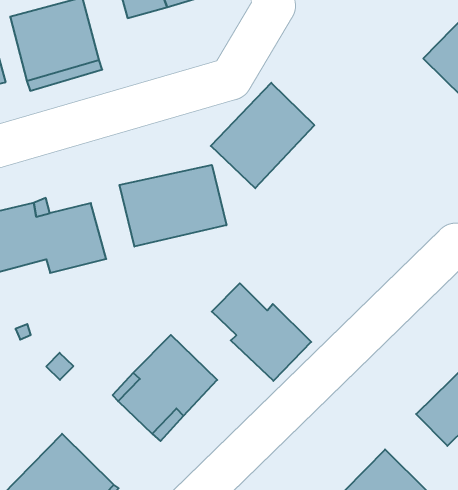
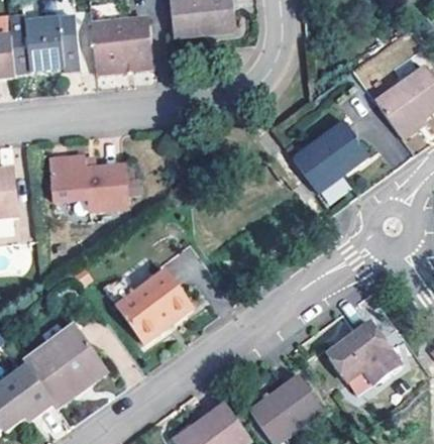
building: [211,83,314,188] -> [292,121,367,194]
building: [119,165,226,247] -> none
building: [212,283,311,381] -> none

